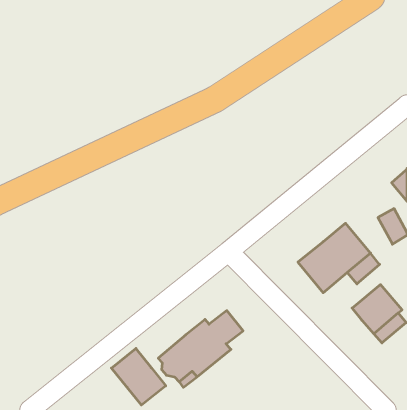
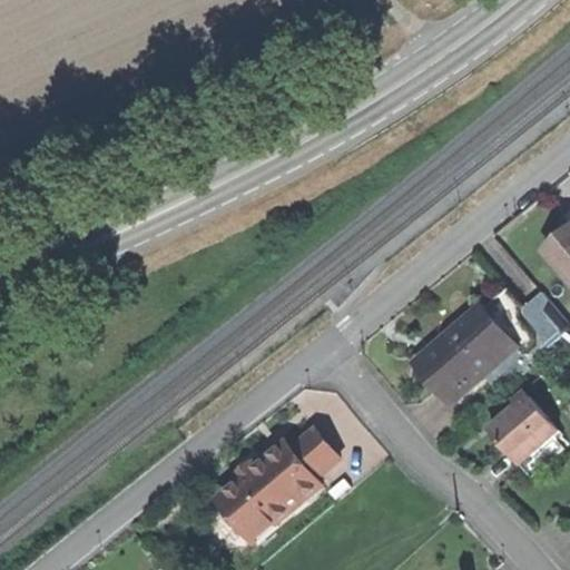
building: [111,348,166,405] -> none

